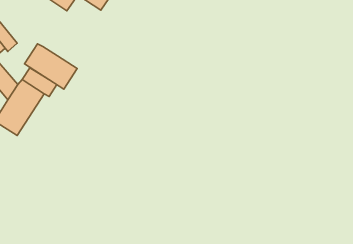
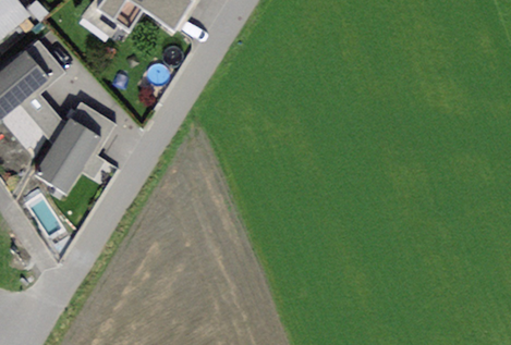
building: [25,44,77,89] -> none

